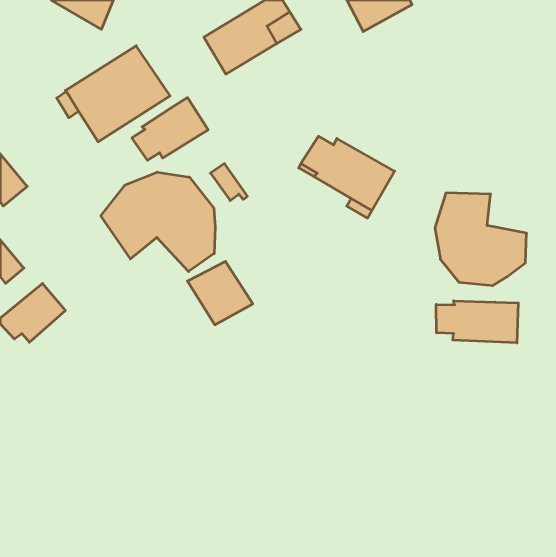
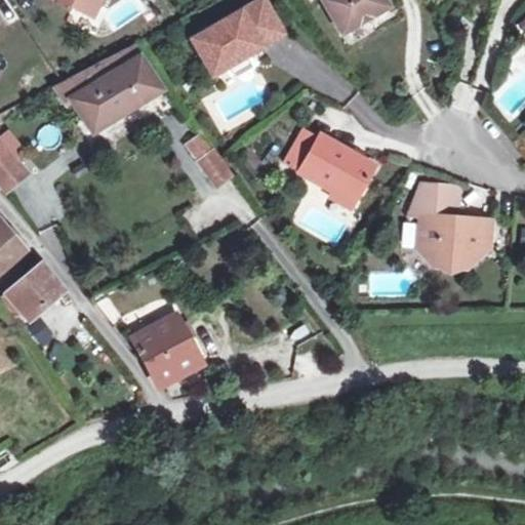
building: [132,98,208,160] -> none
building: [101,172,215,272] -> none
building: [187,261,253,325] -> [135,322,197,381]
building: [436,301,518,343] -> none

